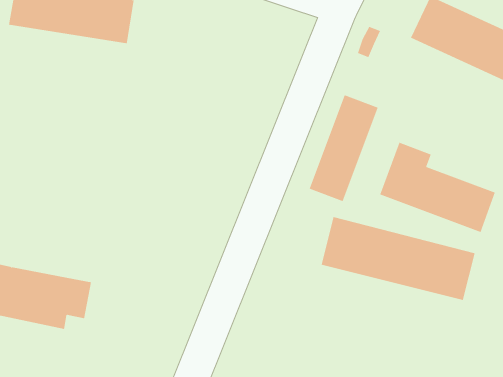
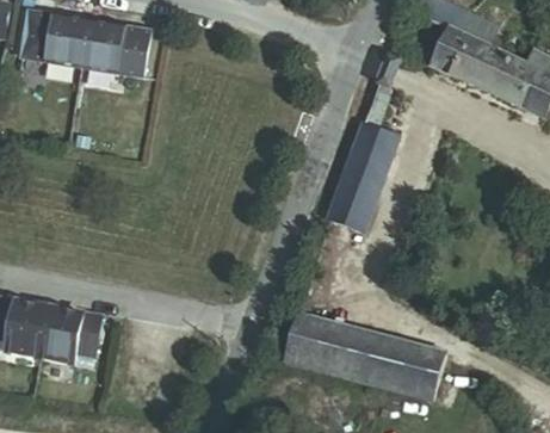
building: [380,142,496,233] -> none
building: [321,217,475,300] -> [286,314,443,398]

